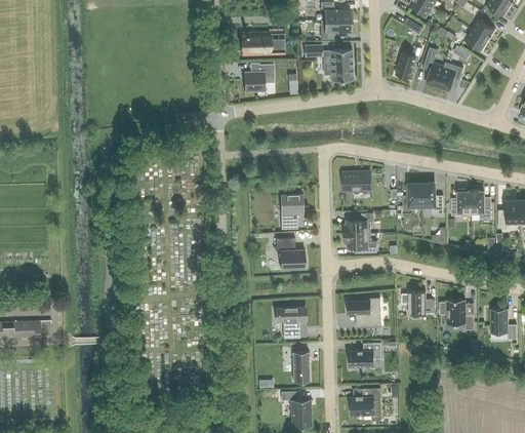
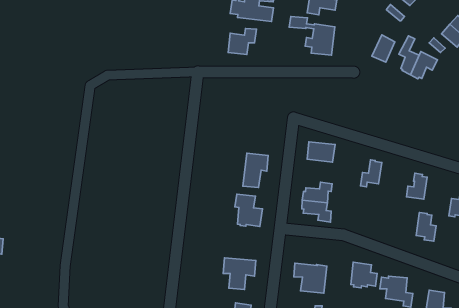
building: [421,182,443,213] -> none
building: [471,190,490,218] -> [416,212,436,241]

